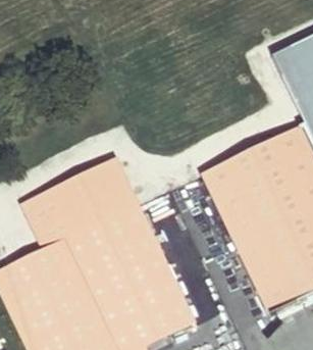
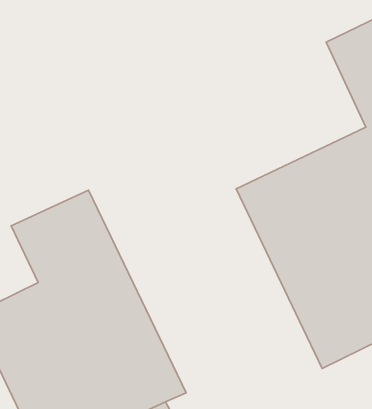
building: [83,156,193,334] -> none

